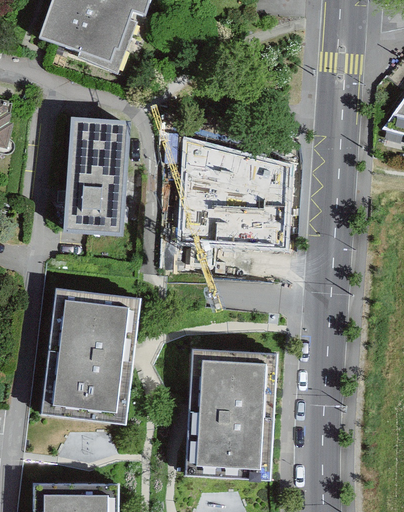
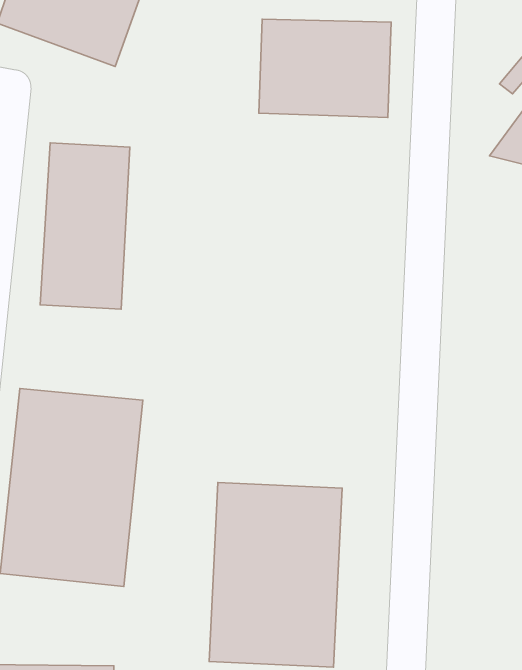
building: none -> [259,19,391,118]
building: [175,133,290,250] -> none

